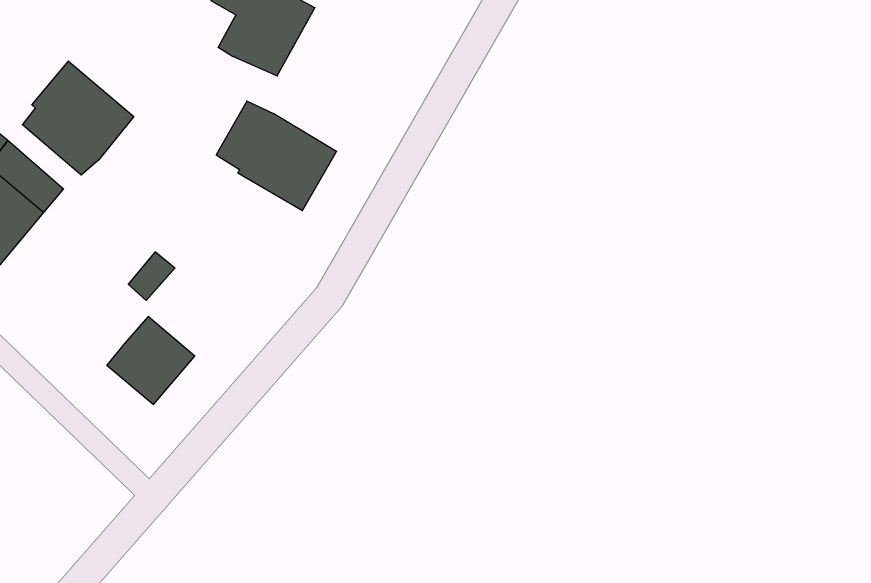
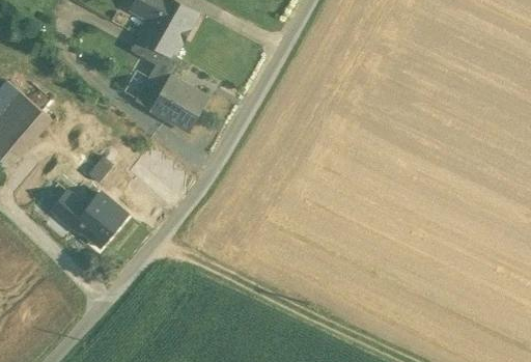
building: none -> [140,41,180,75]
building: [22,61,134,175] -> none
building: none -> [51,192,84,230]

